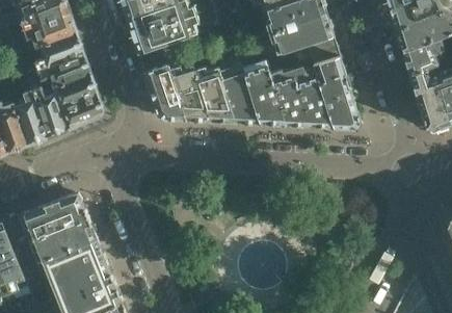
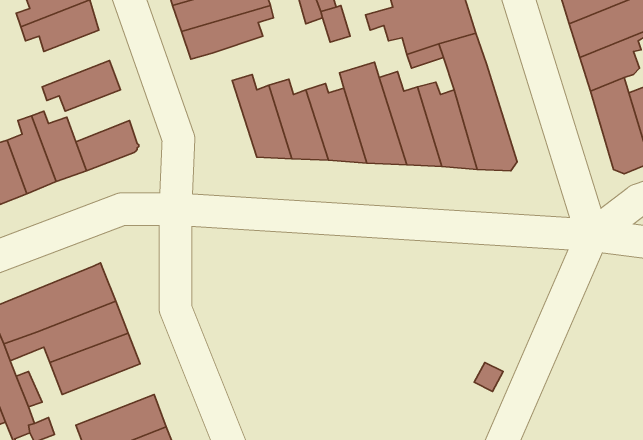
building: [34,32,83,71] -> none
building: [138,48,183,119] -> none
building: [53,73,97,108] -> none
building: [51,259,113,301] -> none

